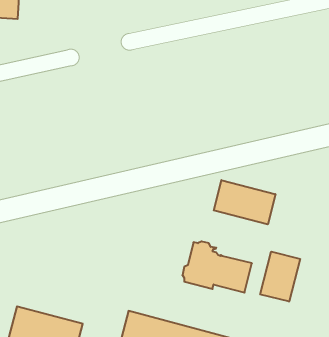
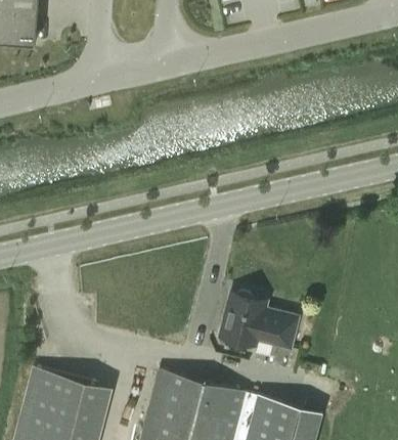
building: [214,180,275,224] -> none
building: [260,252,300,302] -> none

